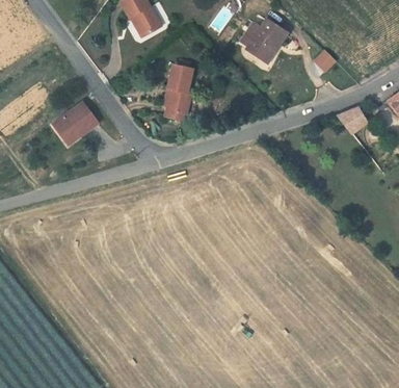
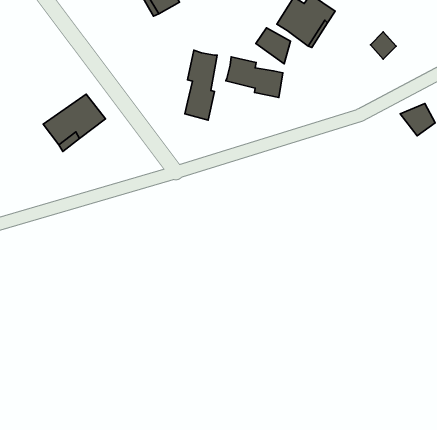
building: none -> [256,28,291,64]
building: none -> [226,57,283,97]

